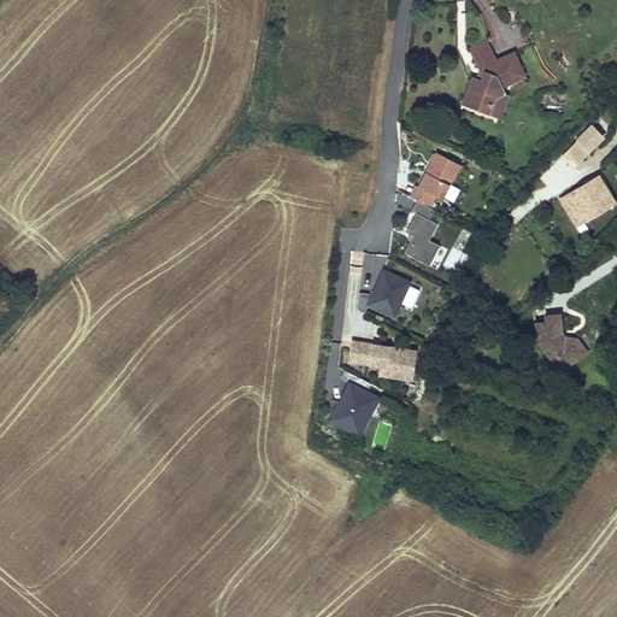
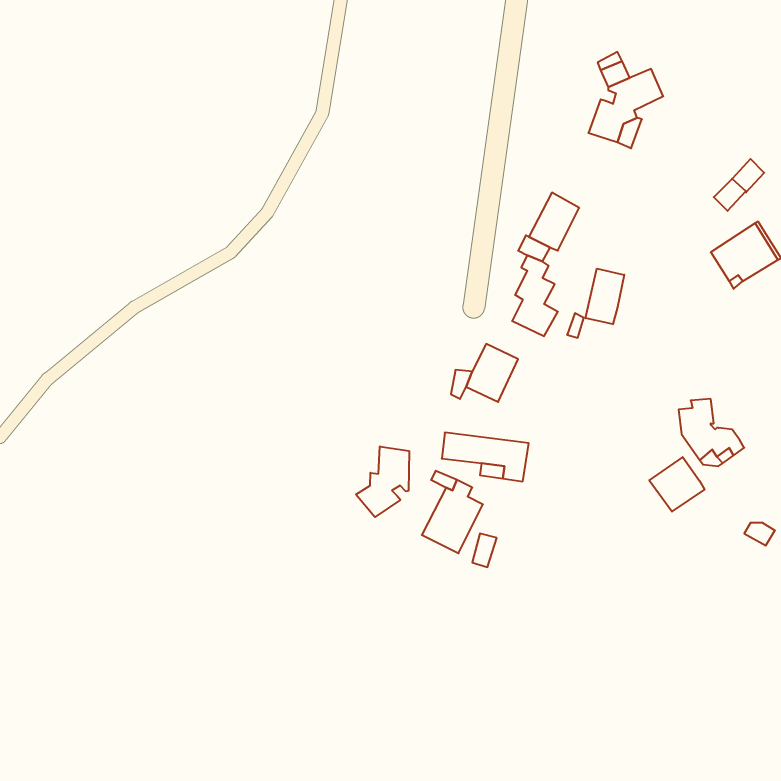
building: none -> [586,269,624,324]
building: none -> [356,446,409,517]
building: none -> [649,457,705,512]

